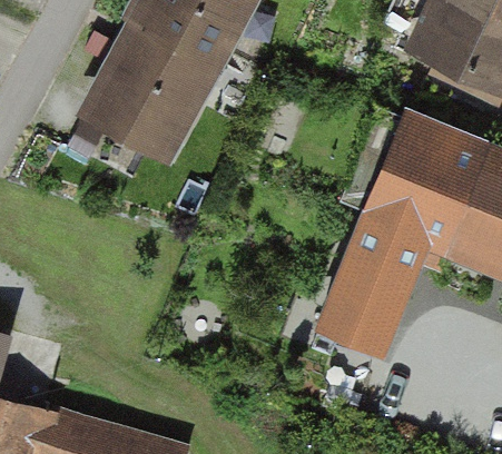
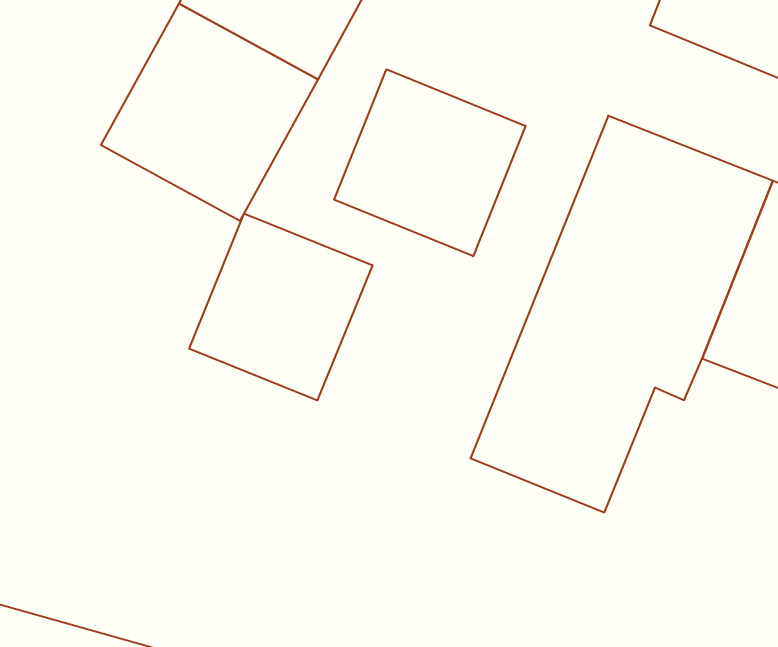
building: none -> [334,69,526,256]
building: none -> [189,214,372,400]

